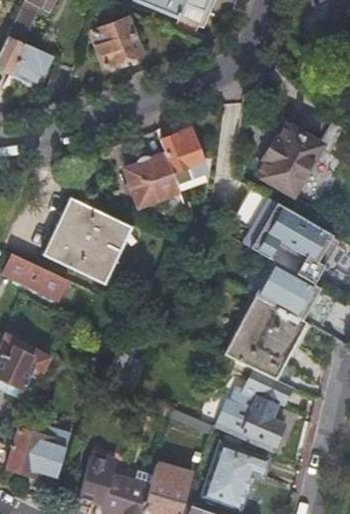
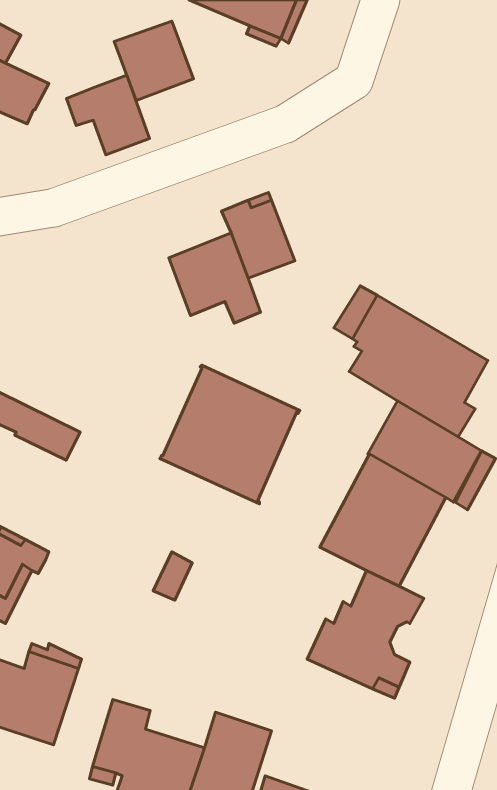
building: none -> [66,75,150,155]
building: [260,126,323,196] -> none
building: [43,197,133,286] -> [160,365,300,504]
building: [204,442,268,508] -> none

